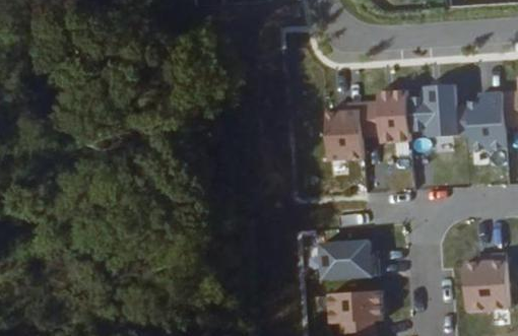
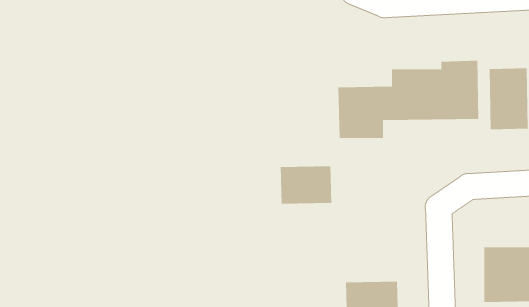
building: [324,241,374,277] -> [280,166,332,204]

